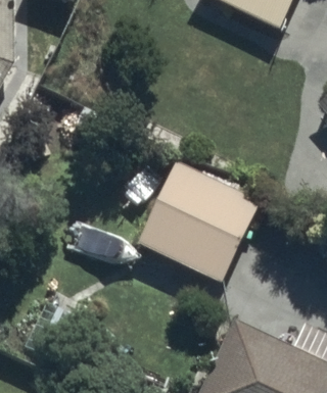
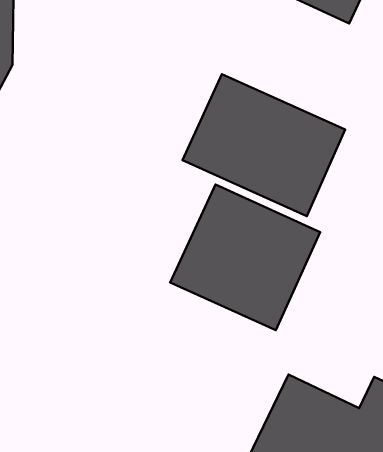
building: none -> [182,74,345,216]

